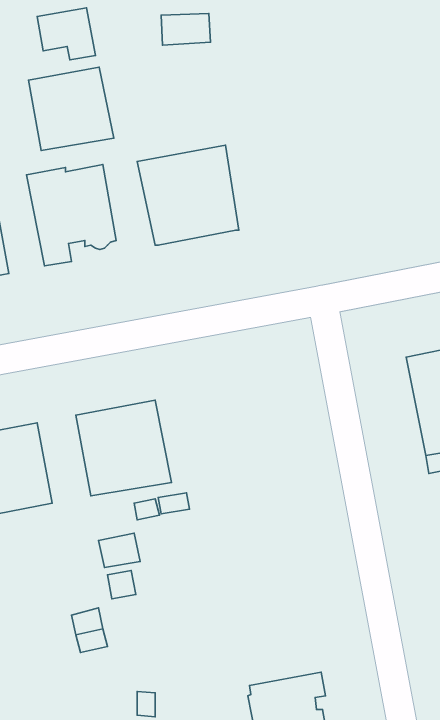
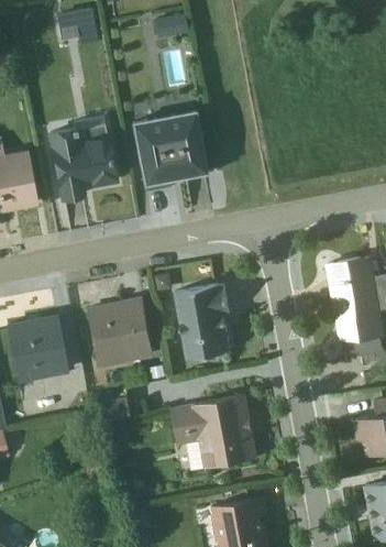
building: [29,67,114,150] -> none
building: none -> [176,286,231,363]
building: none -> [172,395,258,472]

